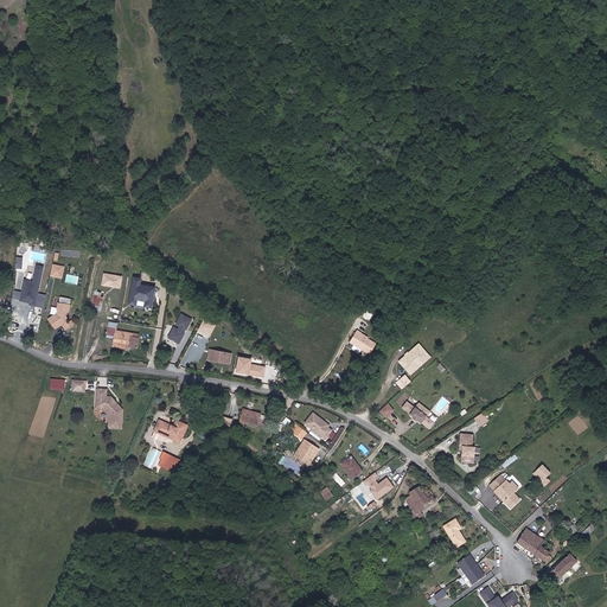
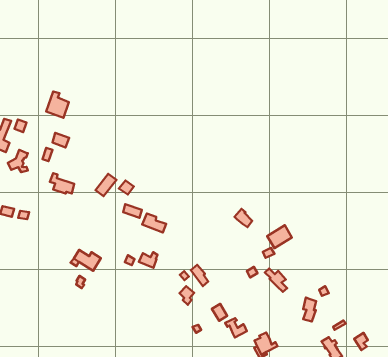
building: [127,277,154,309] -> [46,91,69,118]
building: [96,390,121,428] -> none

